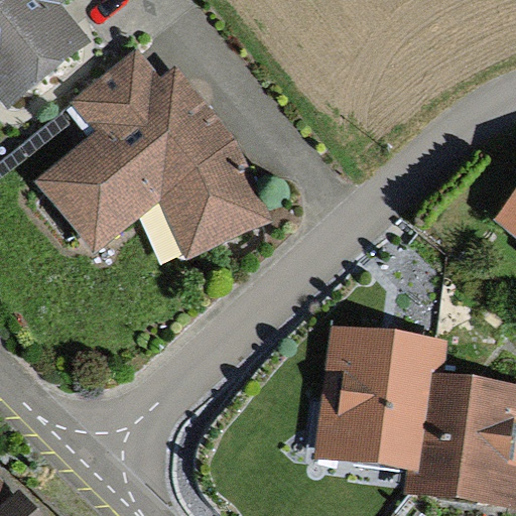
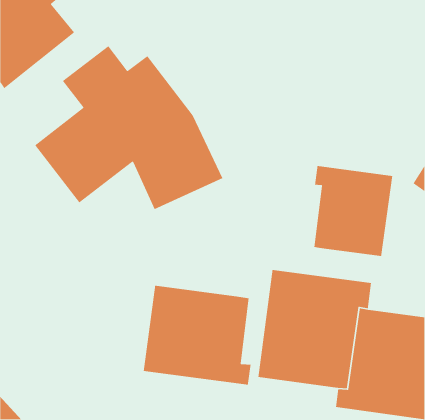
building: none -> [314,165,393,257]
building: none -> [143,285,251,386]

